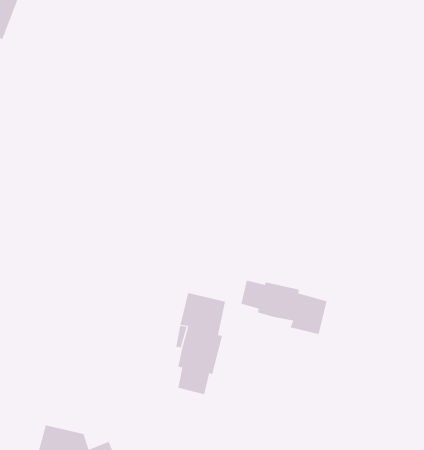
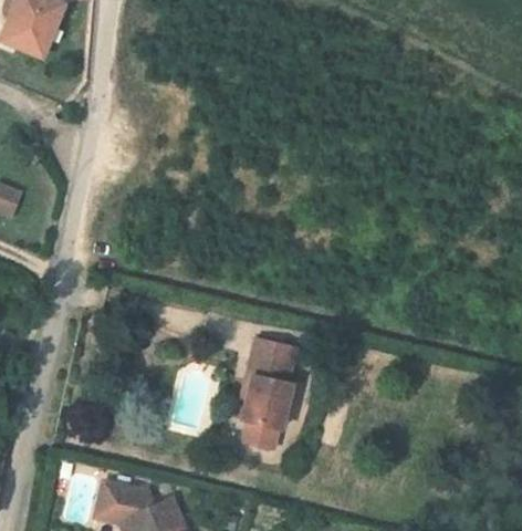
building: [241,280,327,335] -> none

